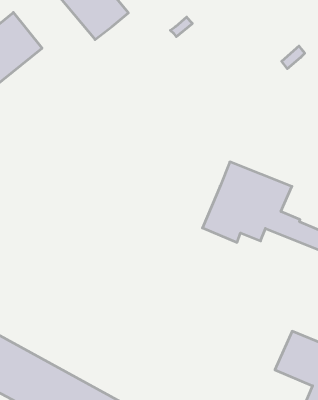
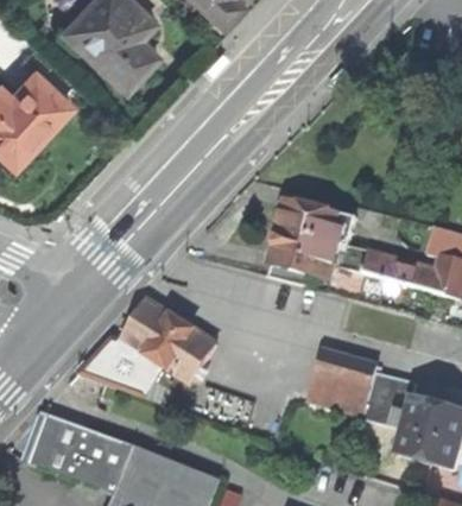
building: none -> [77,302,217,396]
building: none -> [310,352,374,410]

